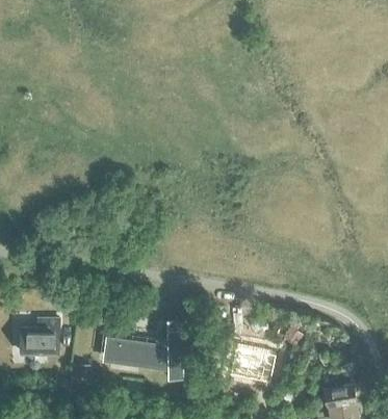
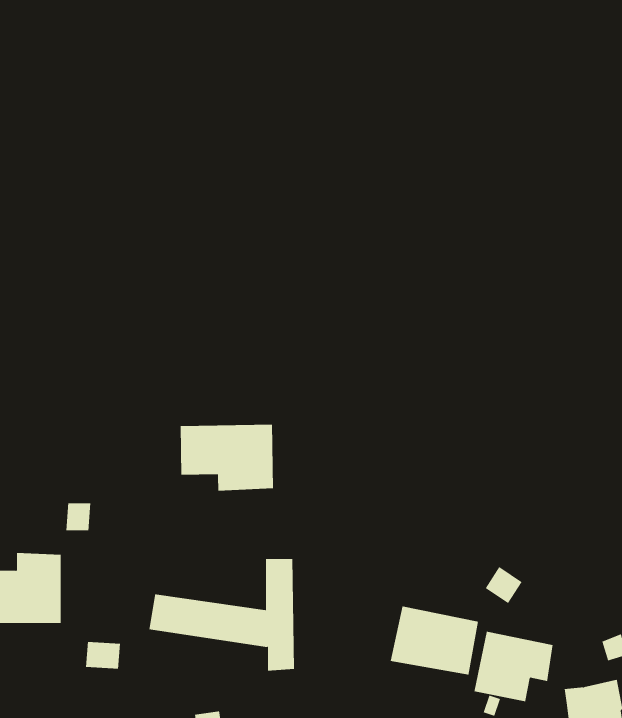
building: none -> [180,424,274,492]
building: none -> [474,631,553,702]

